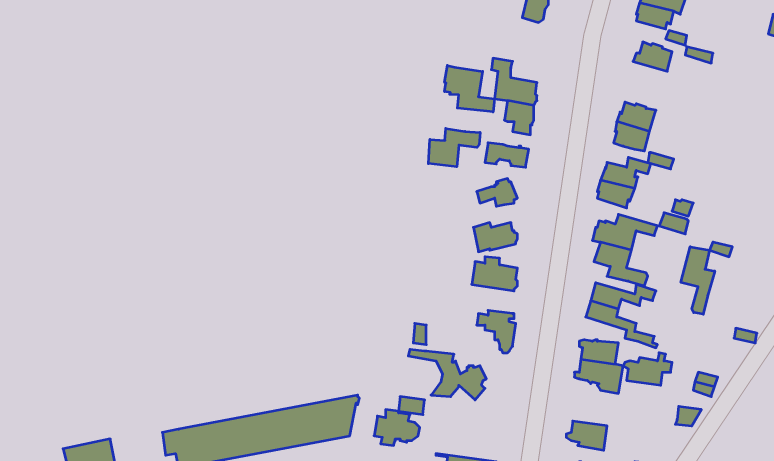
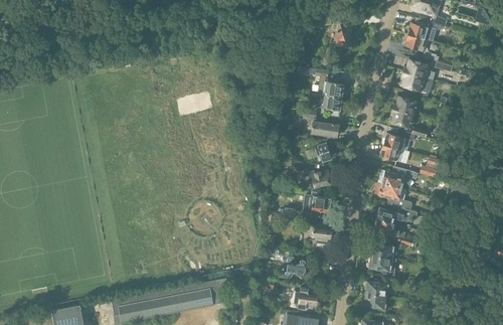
building: none -> [401,71,434,99]
building: [445,65,495,112] -> none
building: [428,128,480,167] -> none
building: [681,247,715,314] -> none
building: [623,353,672,385] -> [364,277,394,297]
building: [374,410,420,445] -> [294,287,322,309]

